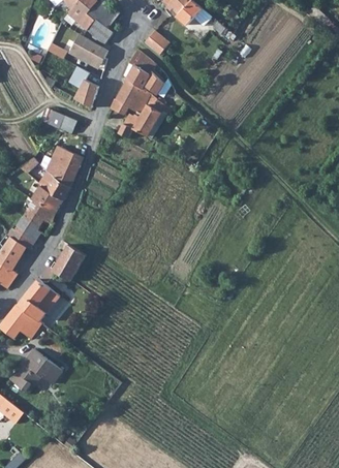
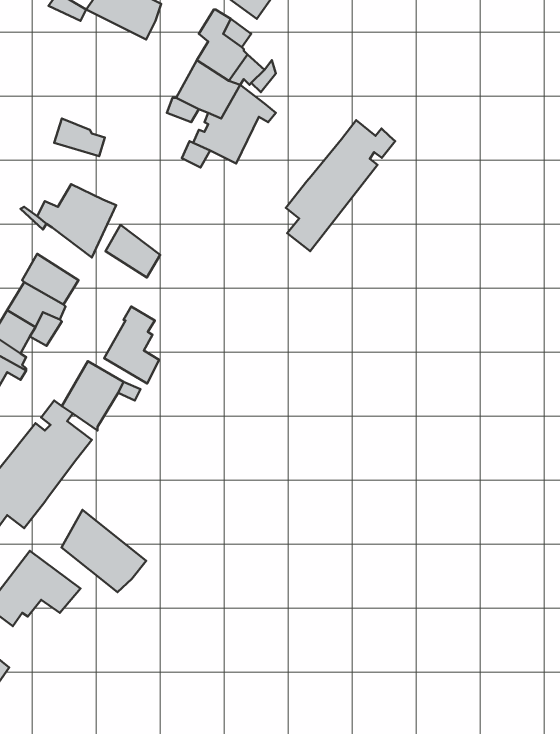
building: [72,76,97,105] -> none
building: none -> [286,120,395,251]
building: [38,170,68,199] -> [106,225,160,277]
building: none -> [104,306,159,384]
building: none -> [62,510,146,592]

